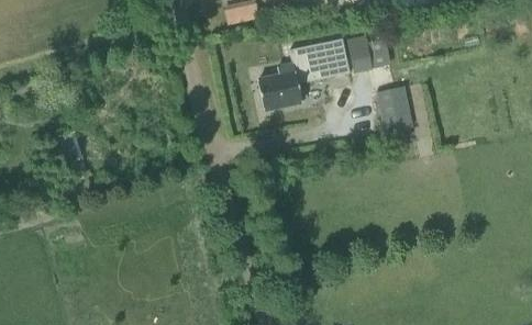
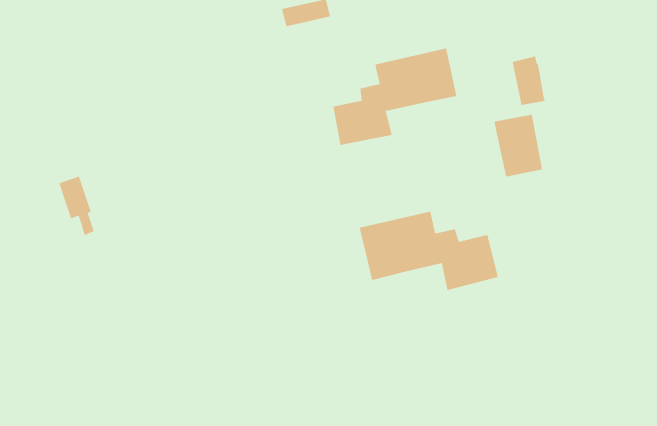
building: [346,35,372,71] -> [512,56,546,105]
building: none -> [359,211,499,291]

